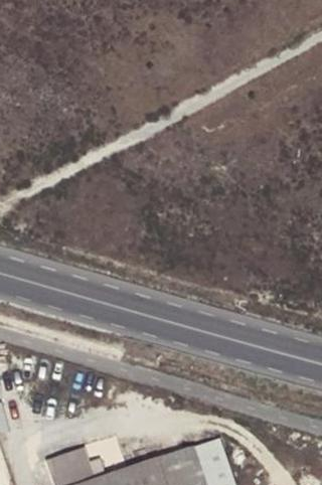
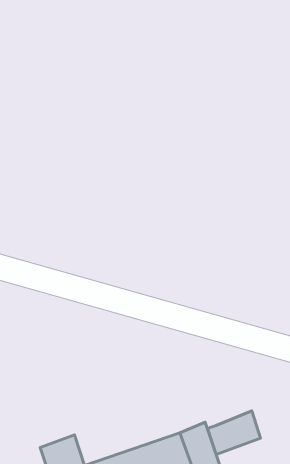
building: none -> [207,411,261,454]

